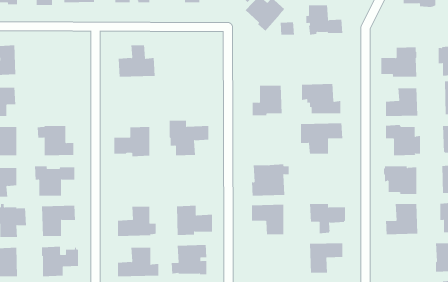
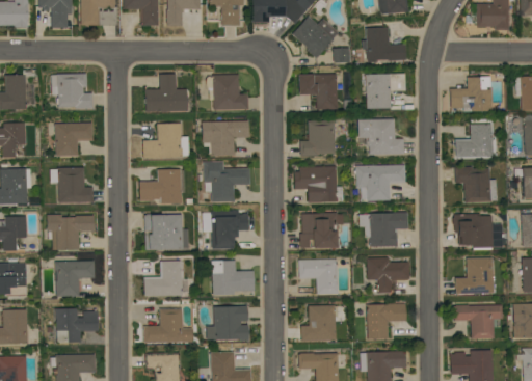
building: none -> [51,73,94,108]
building: none -> [366,73,406,108]
building: none -> [207,74,248,110]
building: none -> [298,74,338,109]
building: none -> [202,120,249,156]
building: none -> [55,123,94,156]
building: none -> [142,123,189,158]
building: none -> [294,166,338,202]
building: none -> [211,209,249,248]
building: none -> [360,211,408,246]
building: none -> [144,214,183,250]
building: none -> [454,304,503,338]
building: none -> [301,305,336,341]

